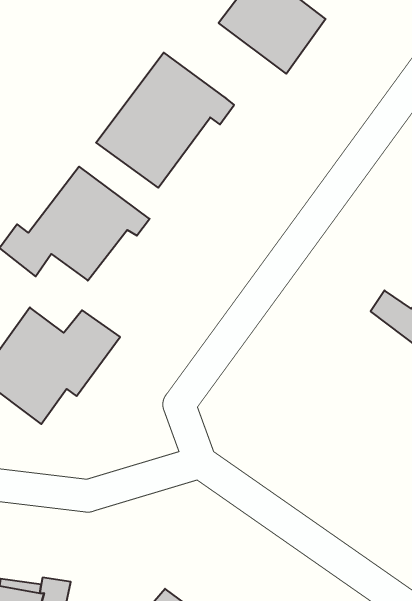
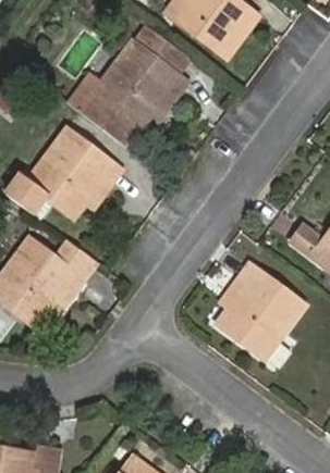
building: none -> [131,24,191,76]
building: none -> [216,264,303,359]

